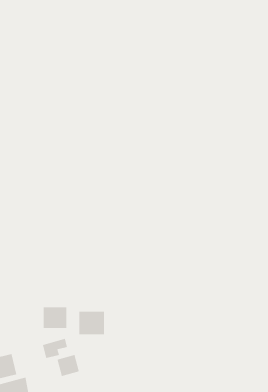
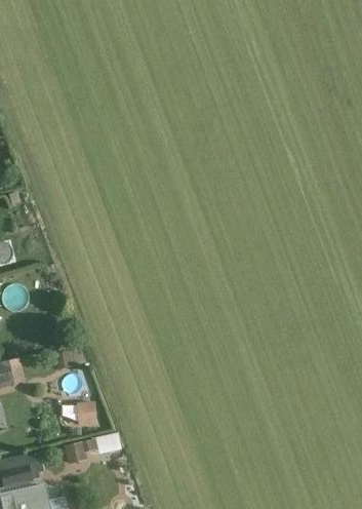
building: [79,311,105,335] -> none
building: [57,354,80,377] -> none

